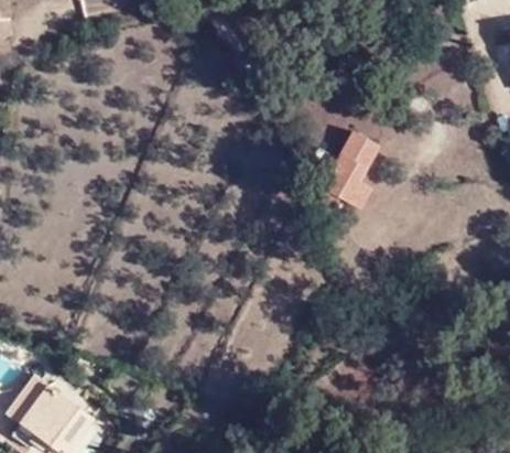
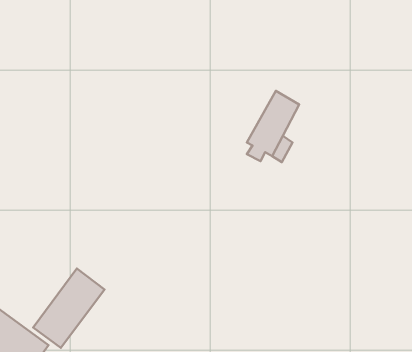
building: none -> [33,268,105,348]

